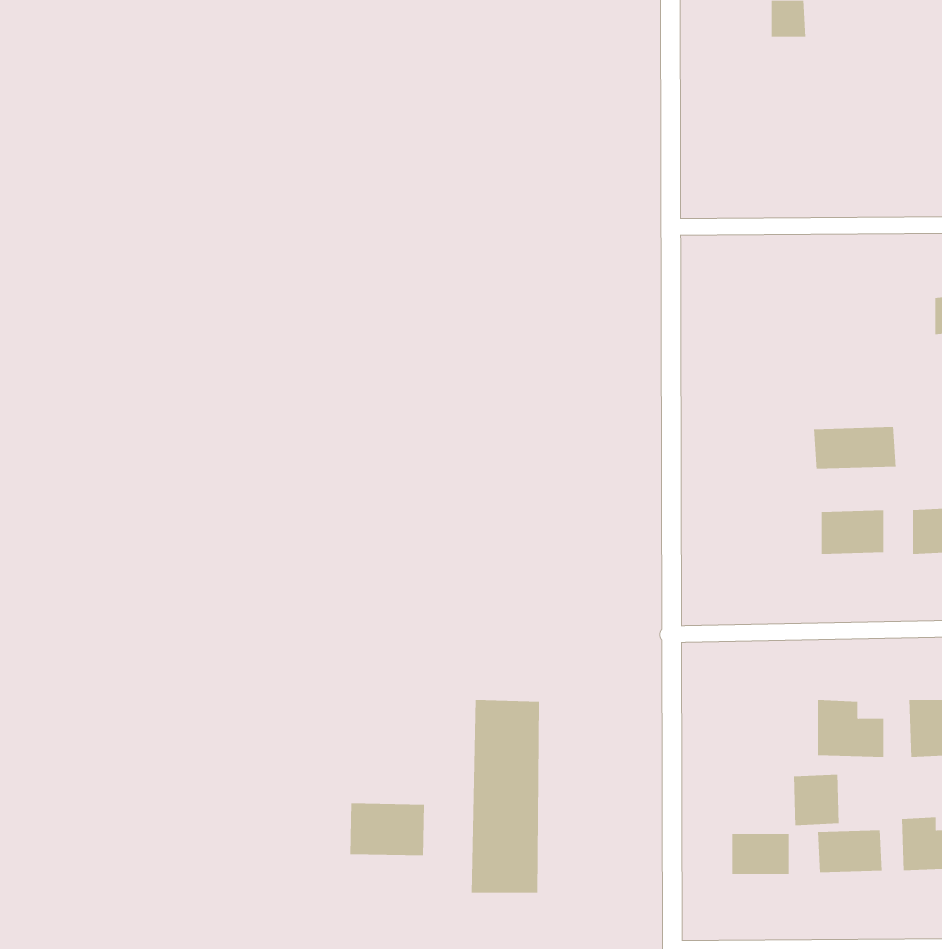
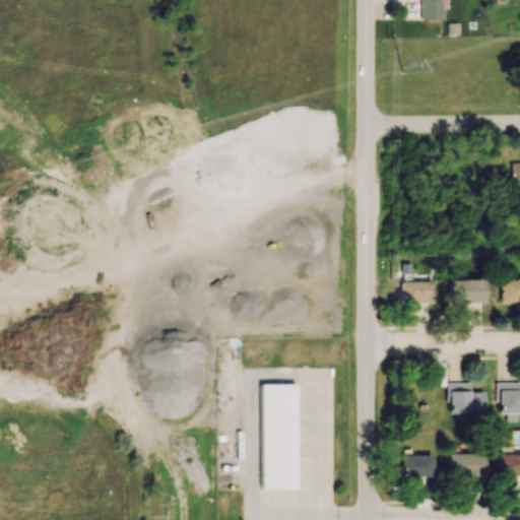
building: [813,426,896,469] -> none
building: none -> [405,282,436,304]
building: [794,774,839,826] -> none
building: [350,803,424,856] -> none

